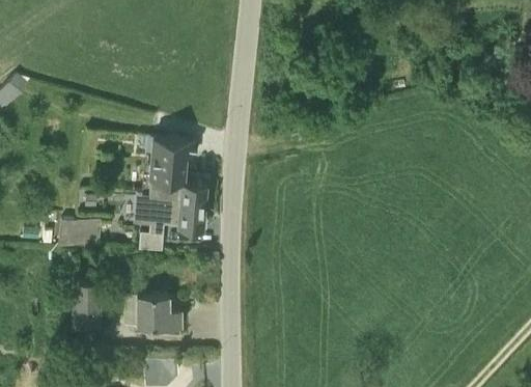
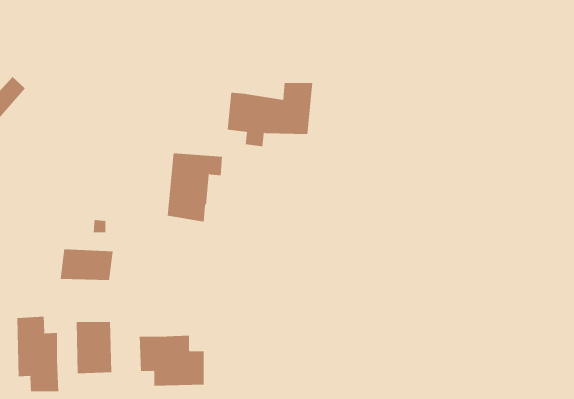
building: [133,183,206,238] -> [227,82,313,147]
building: none -> [17,316,59,392]

